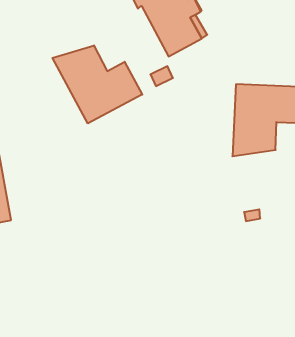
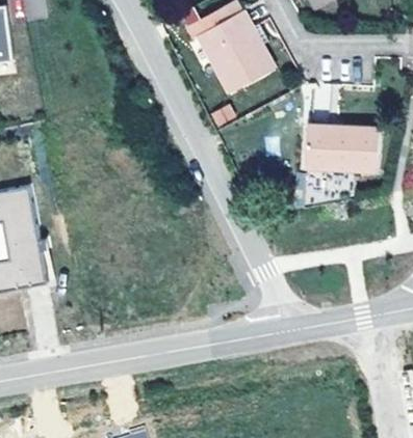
building: [52,45,142,123] -> none

